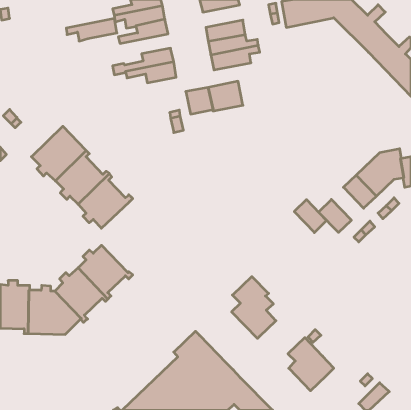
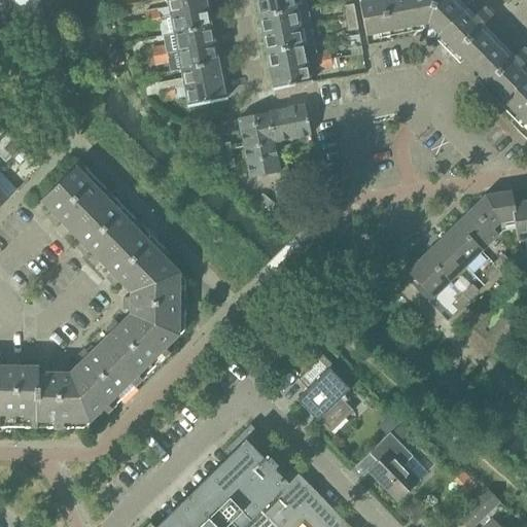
building: none -> [259,6,311,35]
building: [66,18,117,41] -> [153,43,218,72]
building: none -> [244,140,280,177]
building: [294,200,326,233] -> [424,240,465,282]
building: none -> [124,258,185,349]

